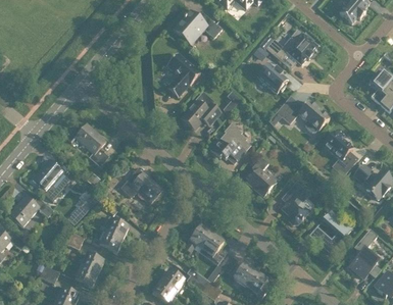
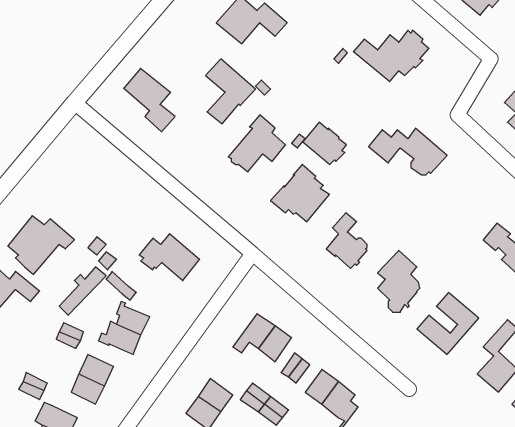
building: [257,64,287,93] -> [303,122,346,164]
building: [73,123,108,166] -> [124,68,175,132]
building: [323,132,357,175] -> none

